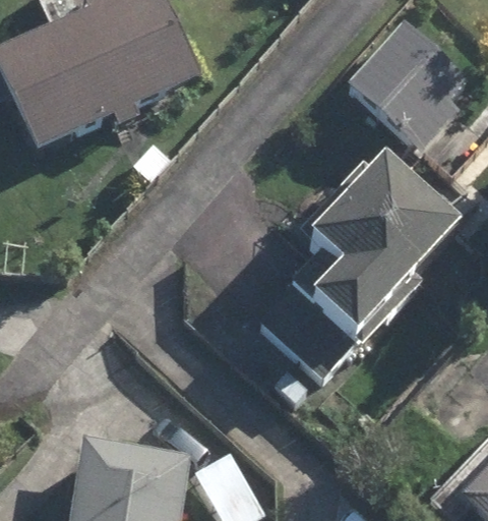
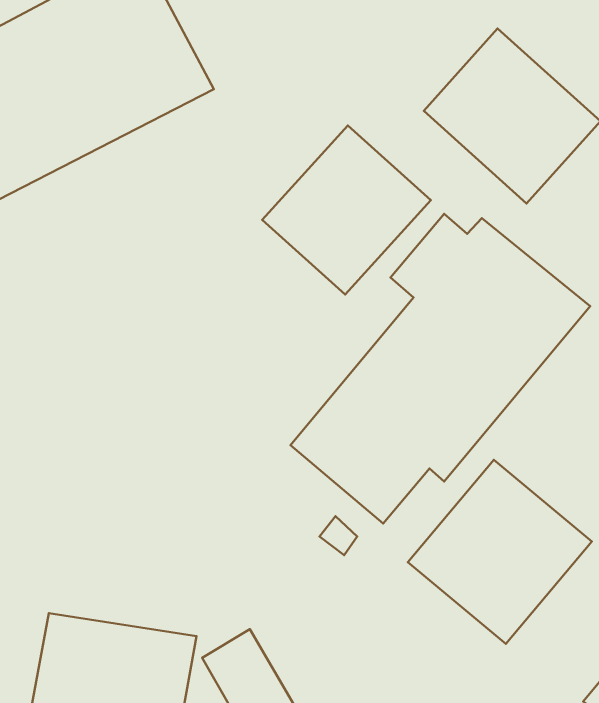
building: none -> [262,126,431,295]
building: none -> [408,460,592,644]

